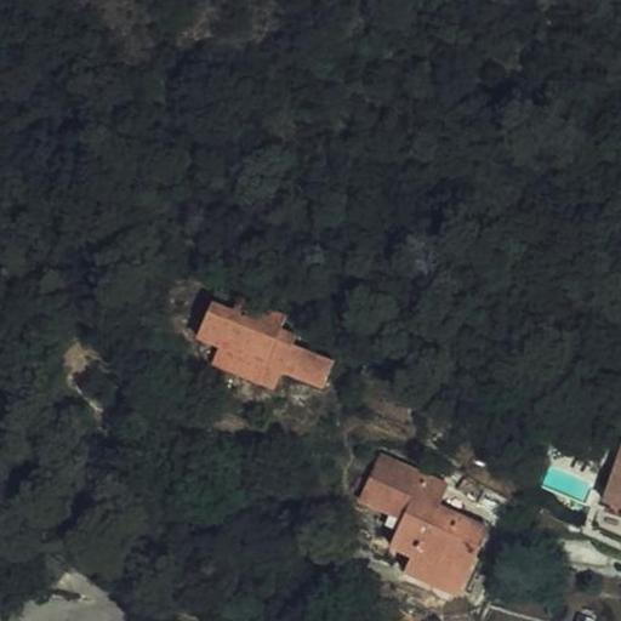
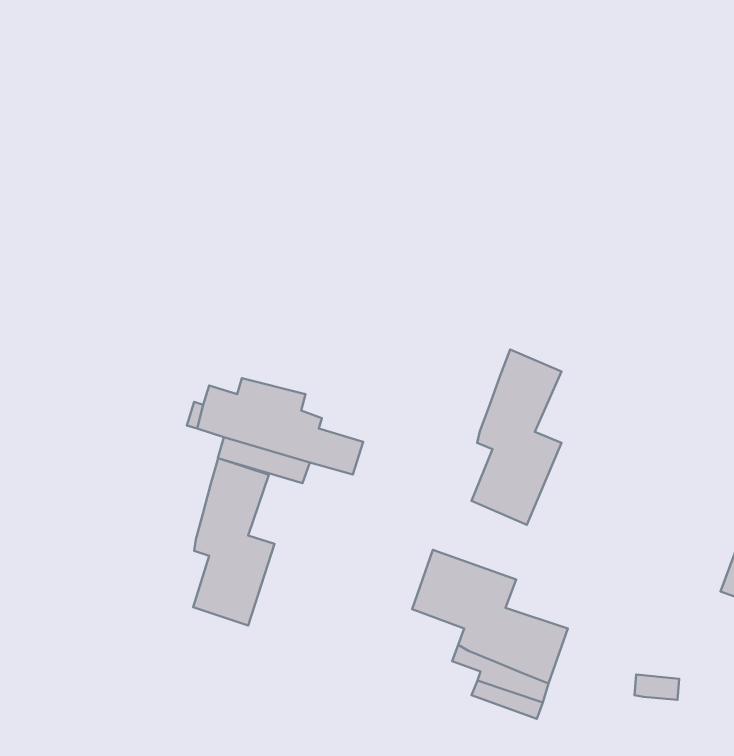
building: none -> [472,350,561,525]
building: none -> [193,458,274,626]

